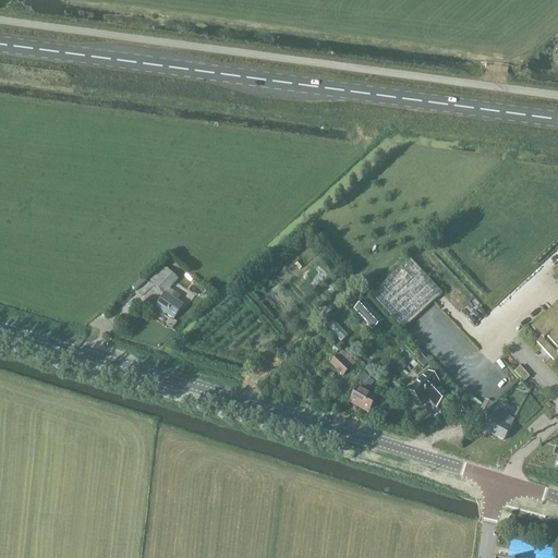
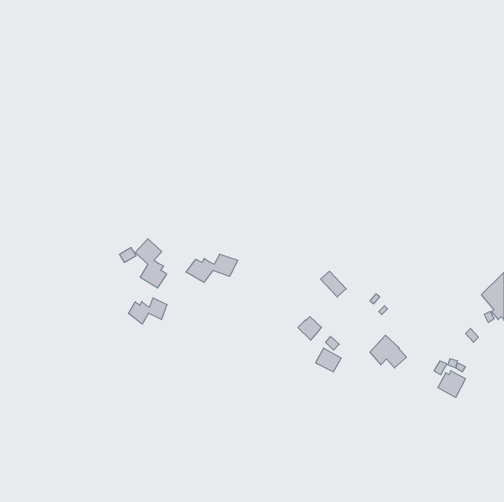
building: [372,257,442,327] -> none
building: none -> [186,254,238,282]
building: none -> [128,298,167,324]

